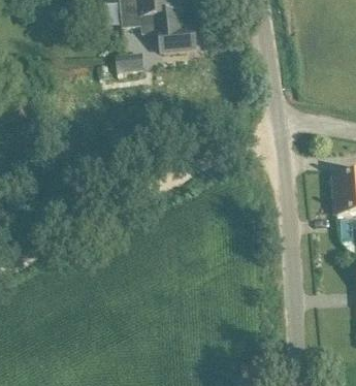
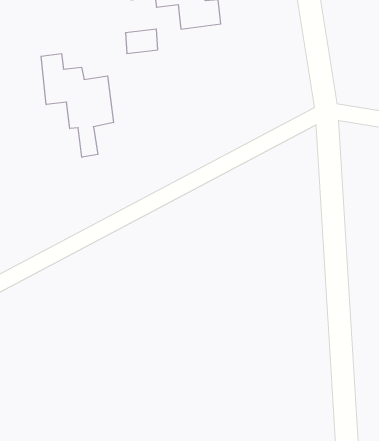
building: none -> [41,54,113,157]

